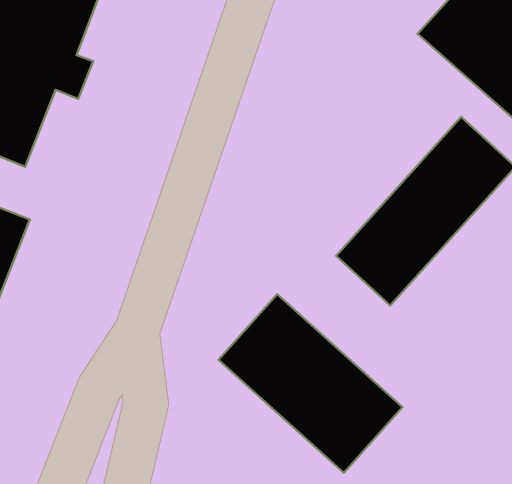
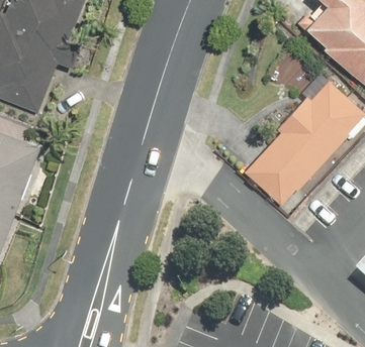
building: [218,294,403,473] -> none

